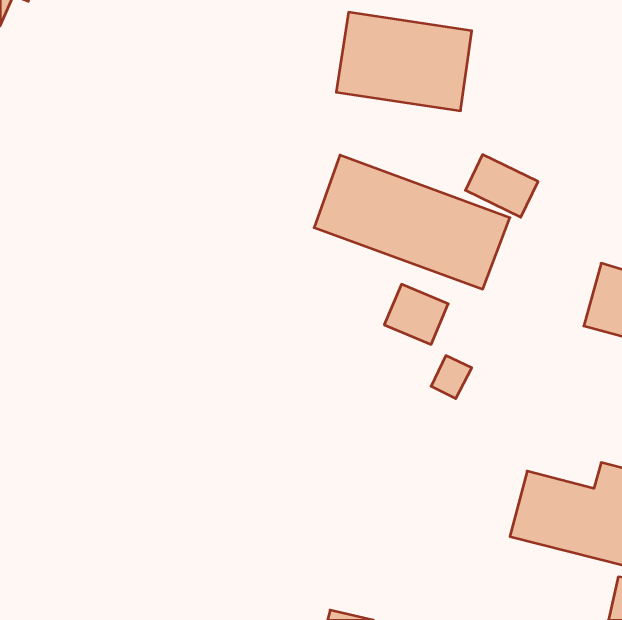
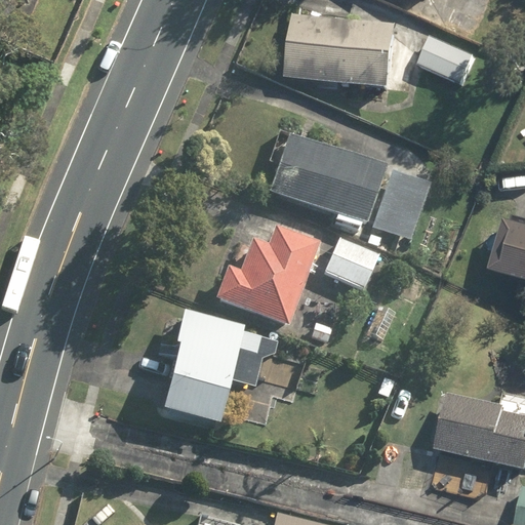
building: [465,155,538,217] -> [418,32,479,84]
building: none -> [214,228,318,326]
building: none -> [157,306,279,423]

